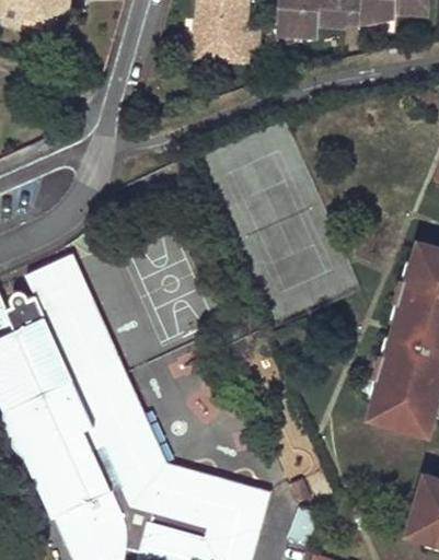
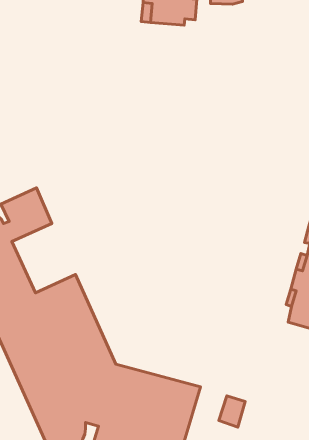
building: [39,298,116,381] -> none

